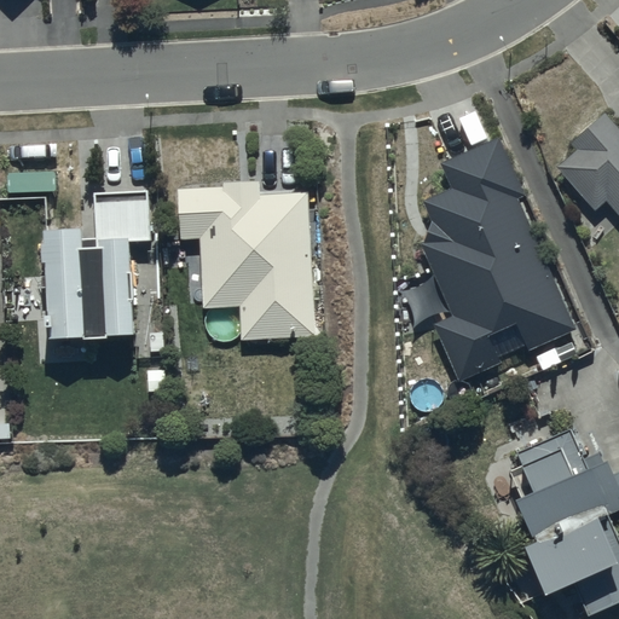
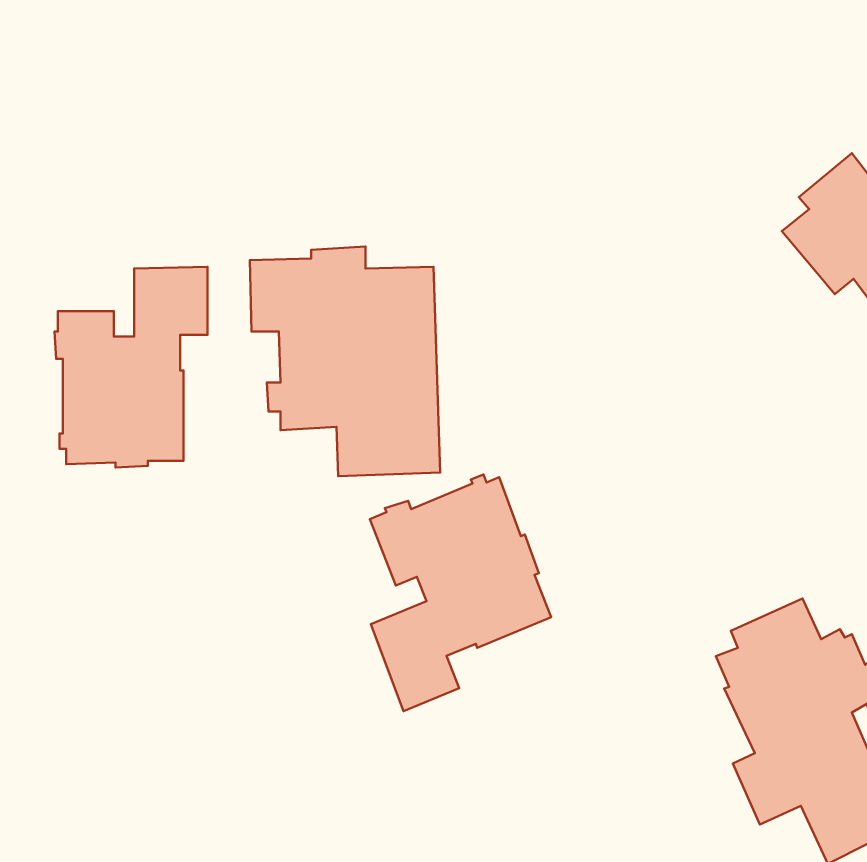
building: [421,139,575,383] -> none
building: none -> [370,474,551,711]

